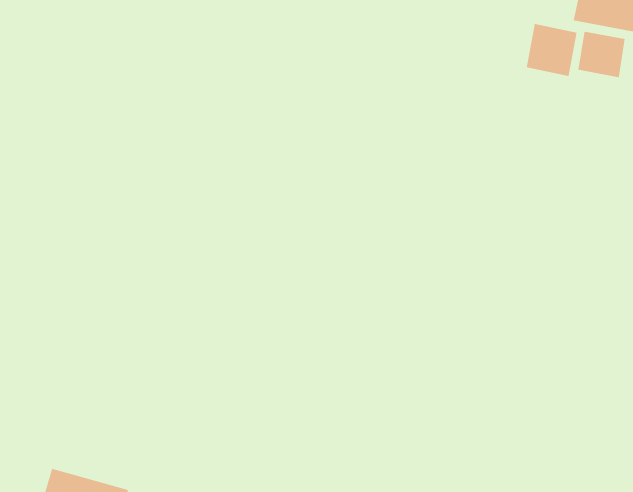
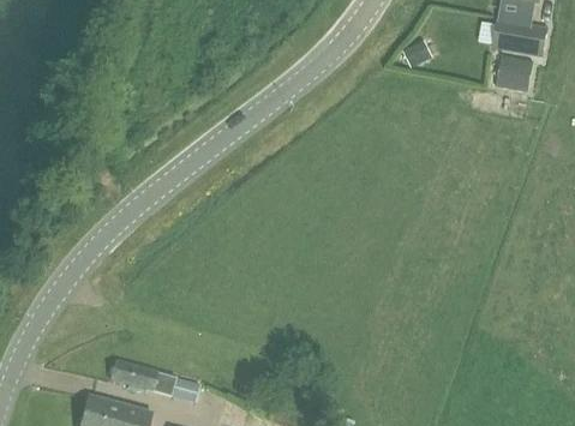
building: [526,23,577,77] -> none
building: none -> [110,360,198,403]

